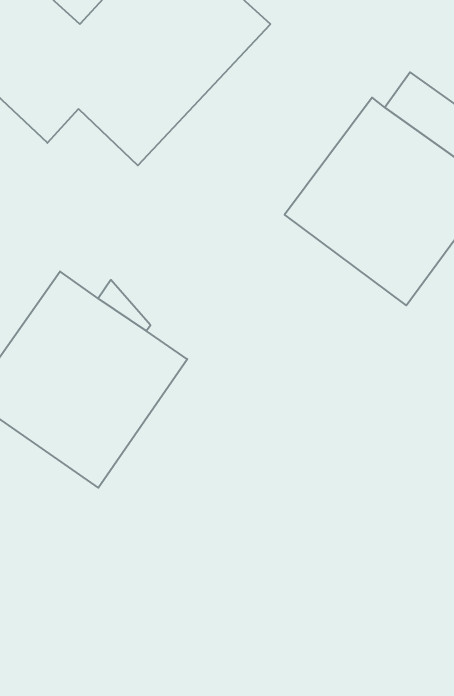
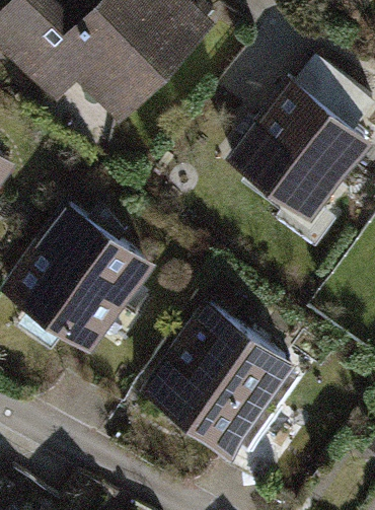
building: none -> [144,306,298,455]

